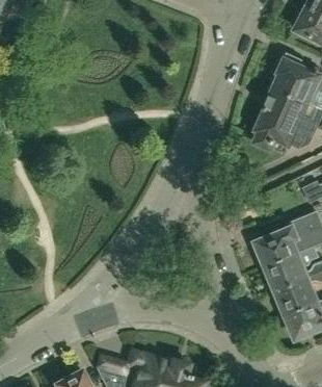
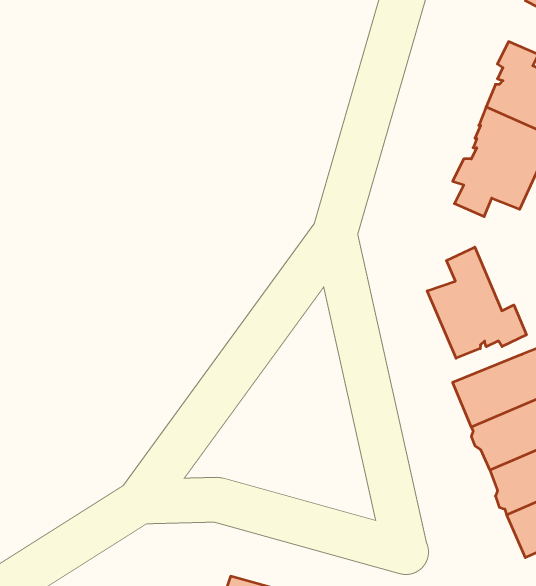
building: none -> [427,247,526,358]

